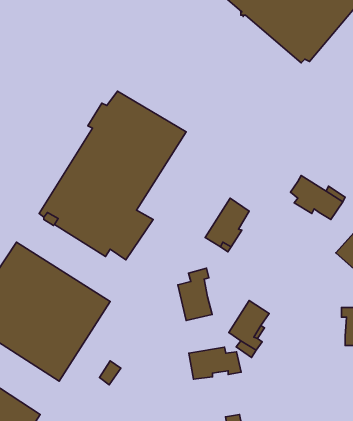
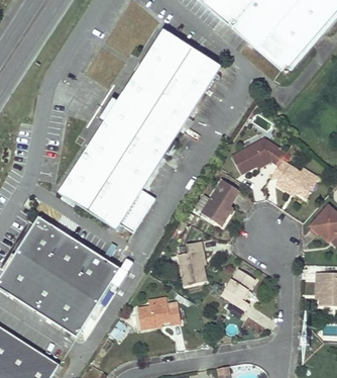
building: none -> [125,30,219,123]
building: none -> [231,138,287,174]
building: [189,347,241,379] -> [136,301,181,328]

